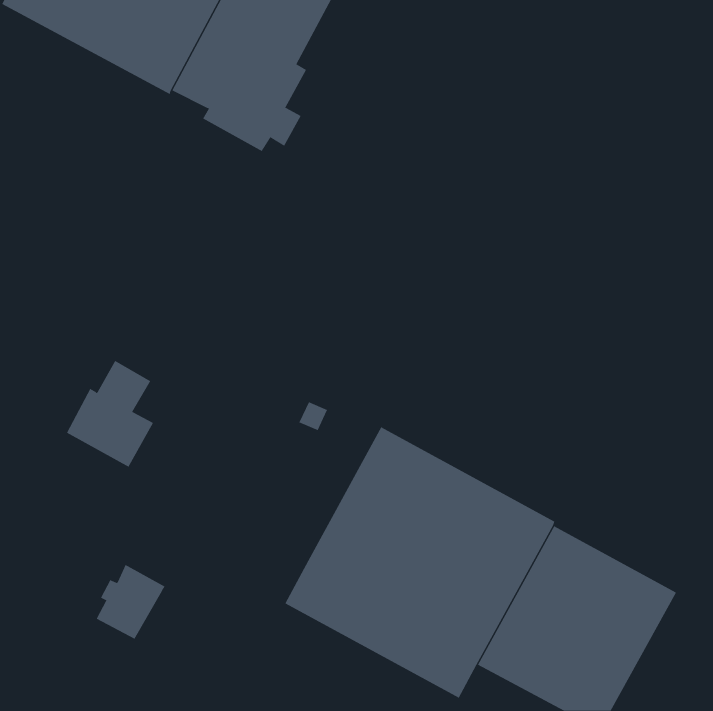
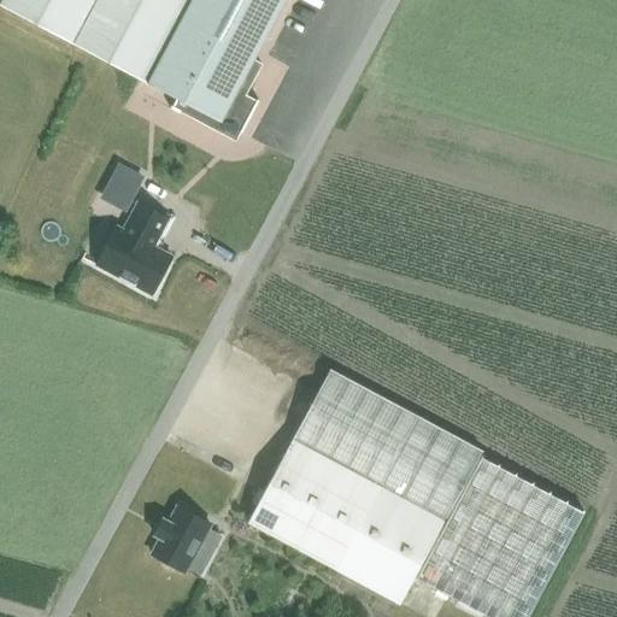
building: none -> [105,163,140,201]
building: [66,360,154,468] -> [96,201,172,294]
building: [96,564,166,640] -> [153,501,213,566]

